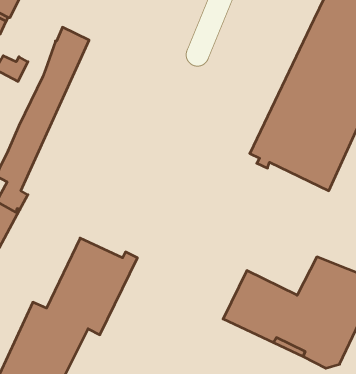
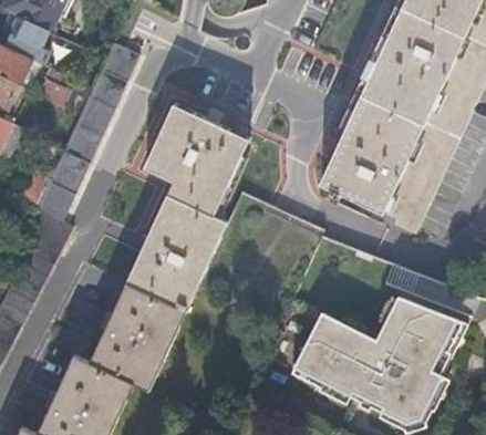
building: none -> [130,104,249,300]

